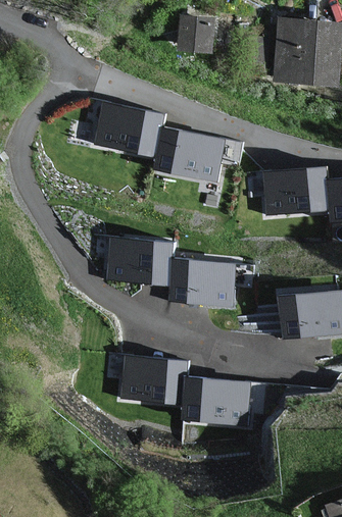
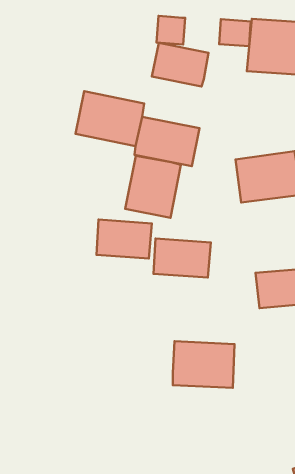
building: none -> [219,19,251,46]
building: none -> [152,43,208,86]
building: none -> [125,156,181,218]
building: [126,352,197,404] -> none

